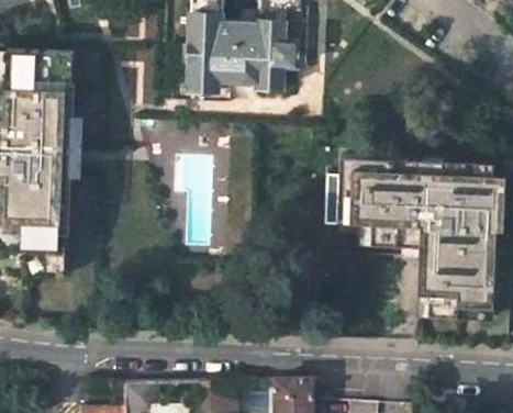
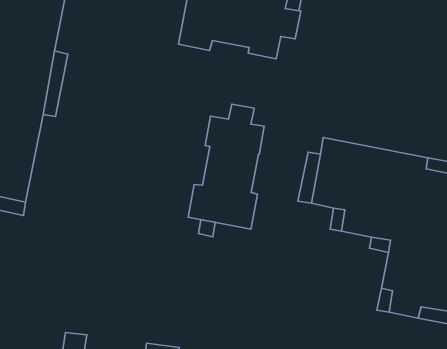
building: none -> [188,104,264,229]

